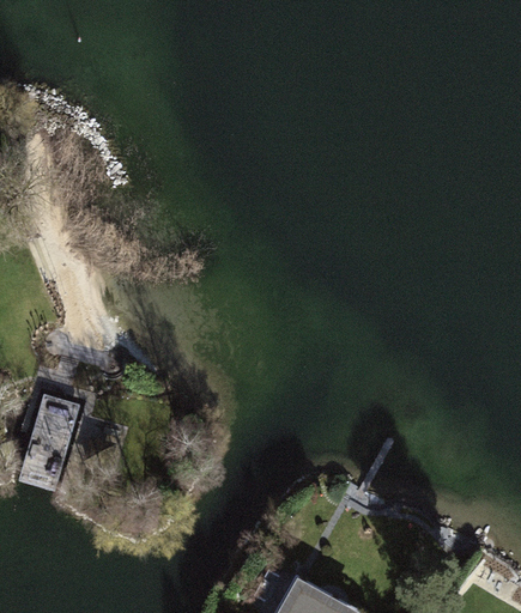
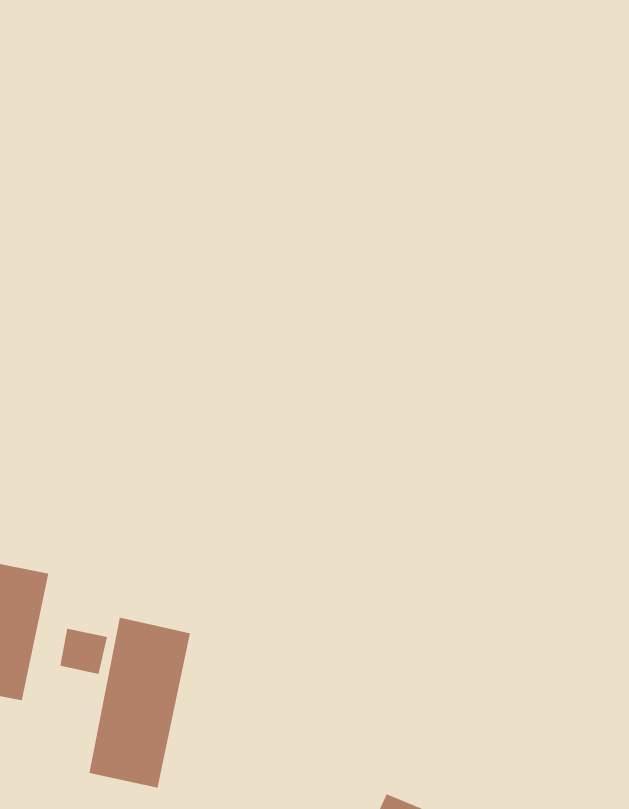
building: none -> [89,617,191,788]

